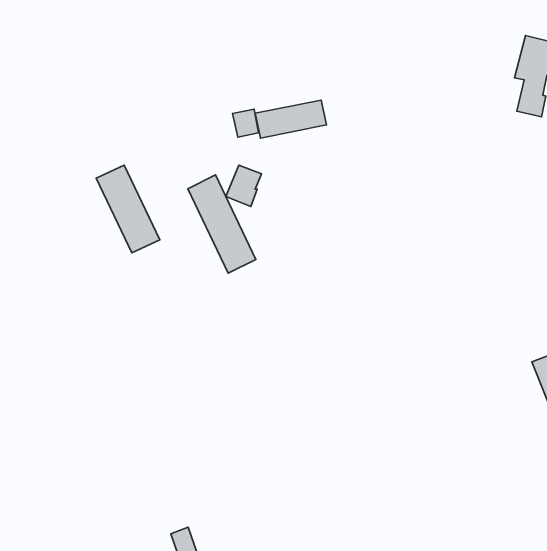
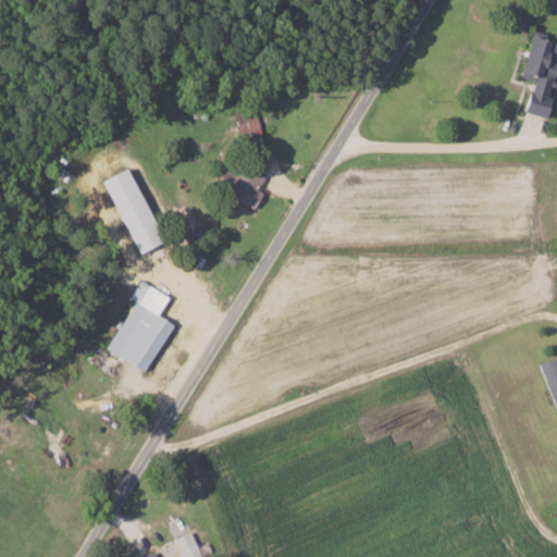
building: [255,100,327,138] -> none
building: [188,175,256,273] -> none
building: none -> [110,282,173,372]

